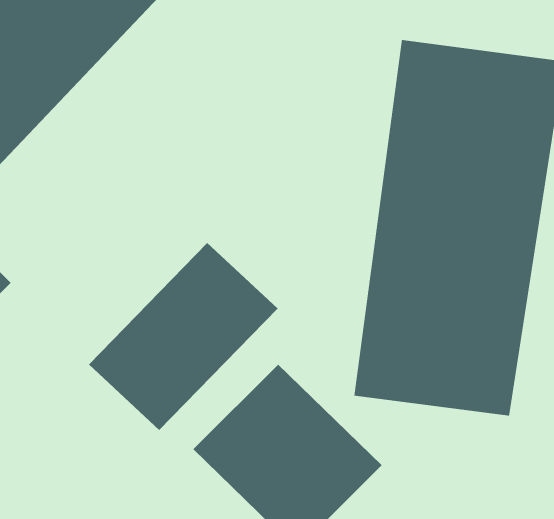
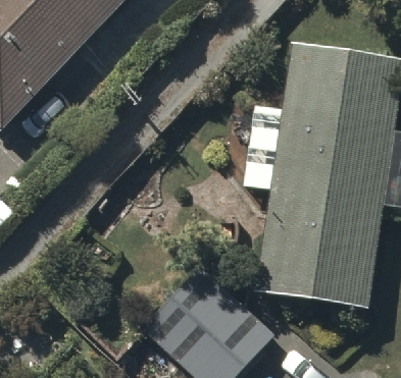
building: [88,242,278,431] -> none

